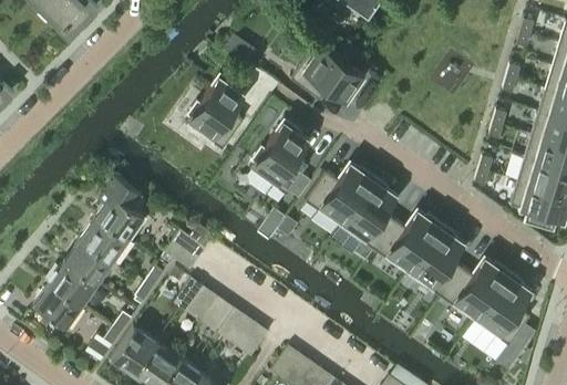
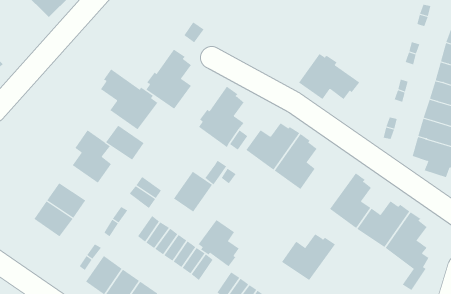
building: [289,43,364,100] -> [298,53,360,100]
building: none -> [100,69,158,130]
building: [374,212,441,270] -> [281,234,336,281]
building: [80,217,127,260] -> [105,125,144,160]
building: none -> [173,171,213,212]
building: [33,282,81,326] -> none
building: none -> [198,219,239,267]

